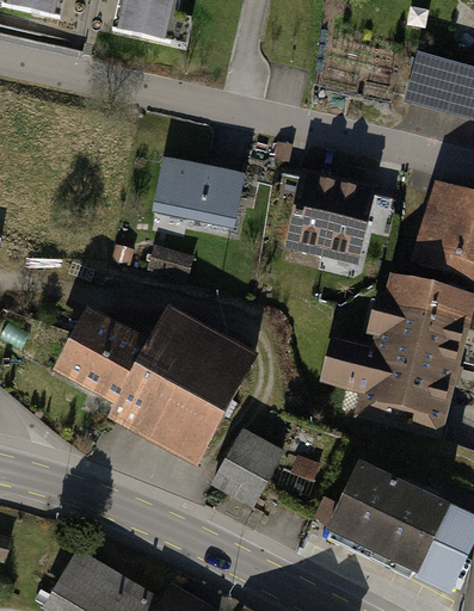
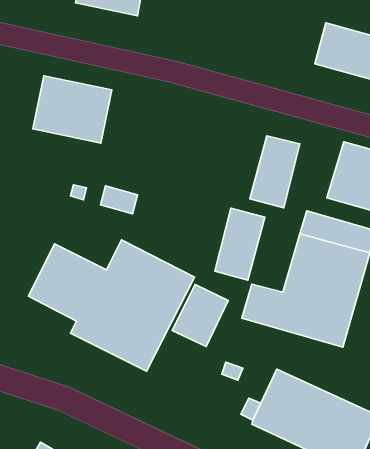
building: [156,141,251,221] -> [33,76,112,143]
building: [284,173,344,259] -> [215,208,265,280]
building: [216,430,283,504] -> [172,284,228,346]

